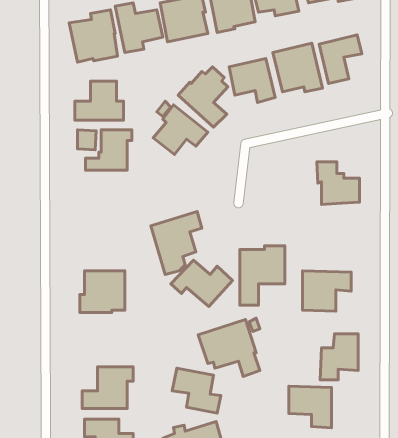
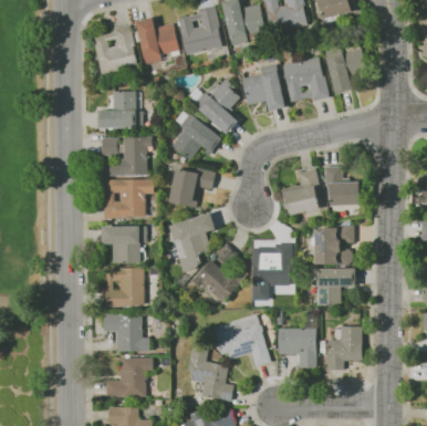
building: none -> [169,165,216,208]
building: none -> [284,168,321,215]
building: none -> [104,179,154,218]
building: none -> [314,225,354,264]
building: none -> [102,226,146,263]
building: none -> [103,311,149,351]
building: [289,386,332,428] -> [278,328,317,366]

